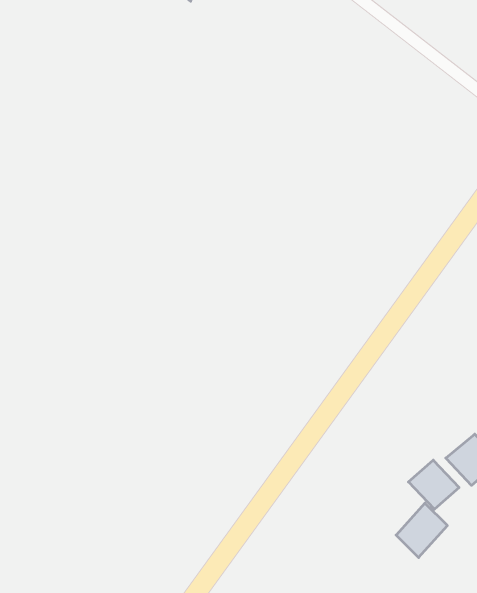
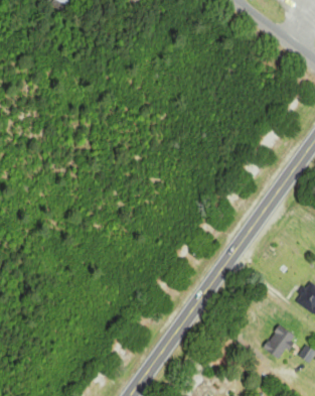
building: [408,460,459,509] -> none

